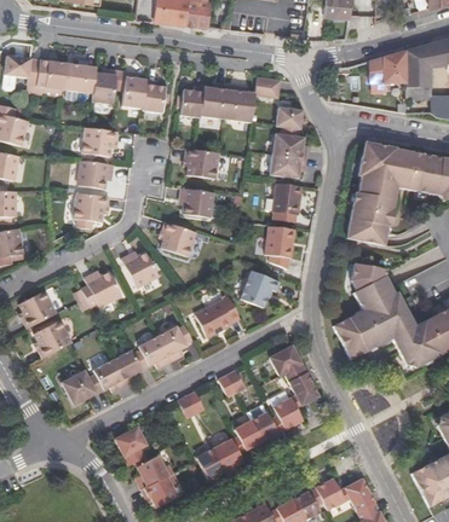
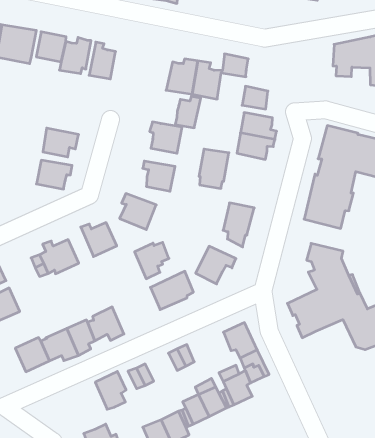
building: [143,79,165,111] -> none
building: [180,85,205,116] -> [175,96,201,128]
building: [82,126,117,155] -> none
building: [272,182,301,221] -> [199,149,229,188]
building: [157,325,192,362] -> [135,242,169,279]
building: [114,427,145,465] -> [95,371,126,409]

